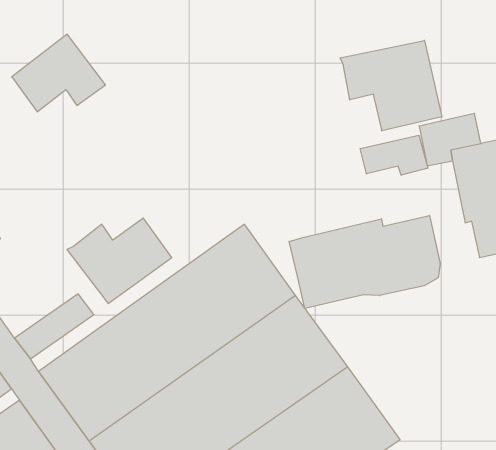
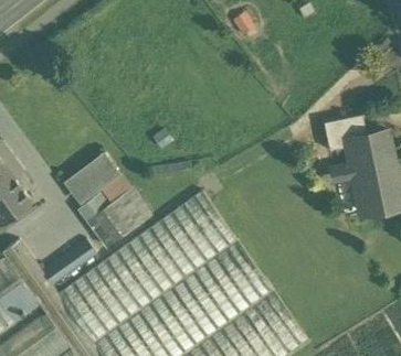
building: [12,34,105,112] -> [64,154,129,208]
building: [340,40,442,131] -> none
building: [360,135,428,175] -> none
building: [289,215,440,309] -> none

